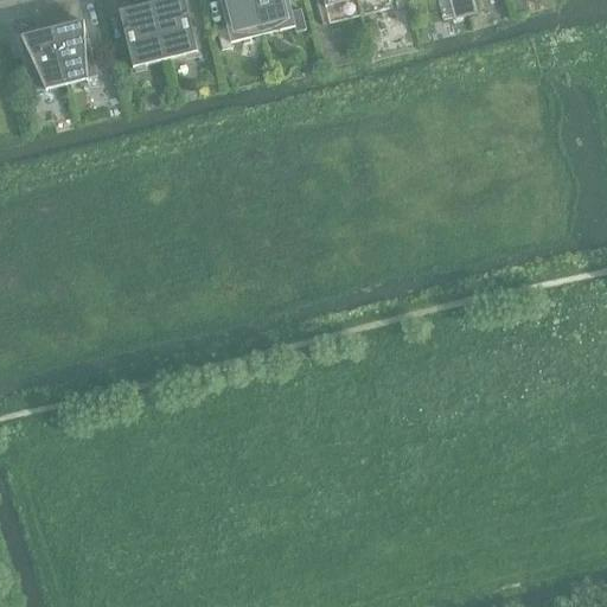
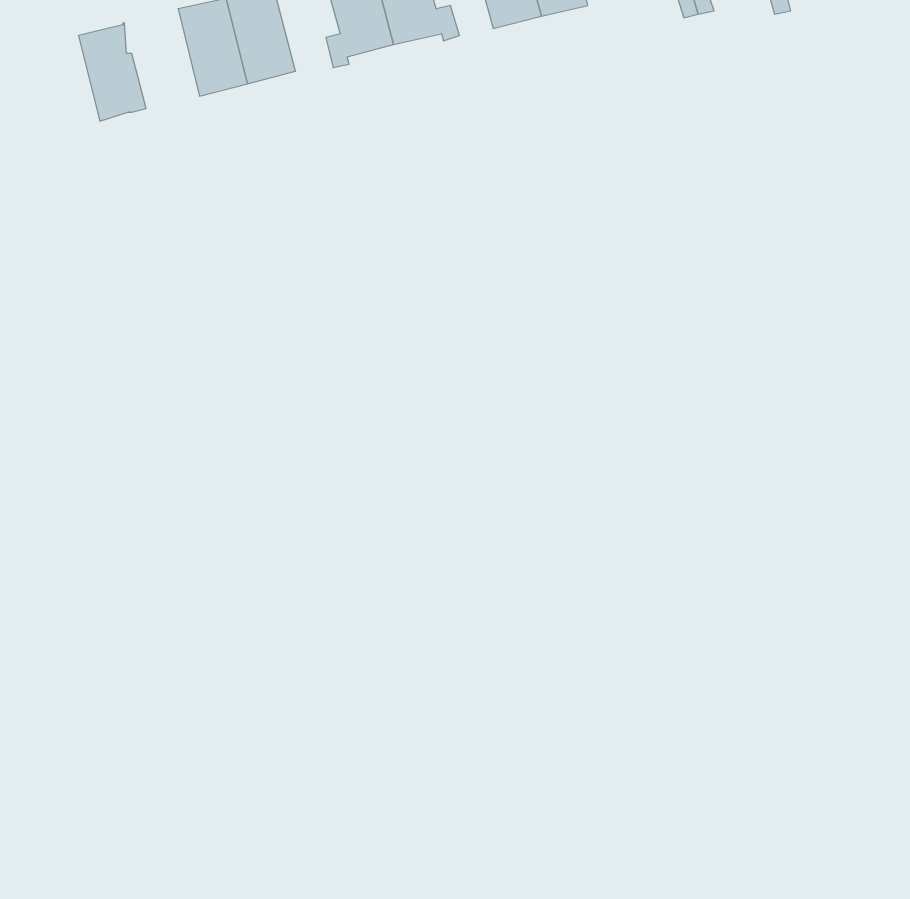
building: [21,24,66,88] -> none

